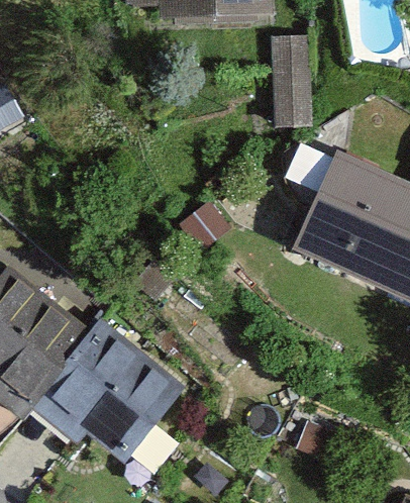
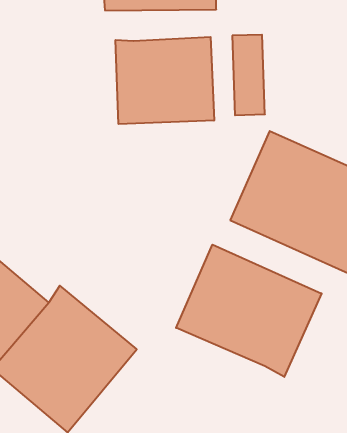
building: none -> [116,37,214,124]
building: none -> [176,245,322,377]

